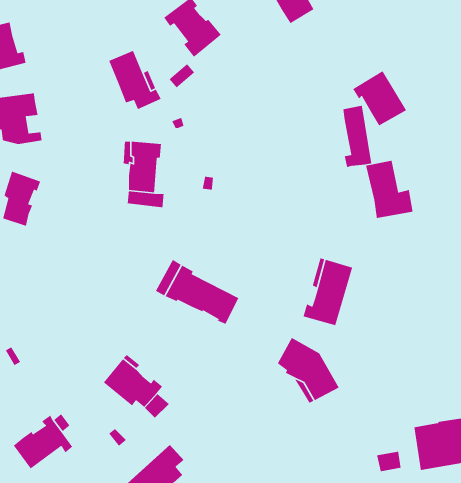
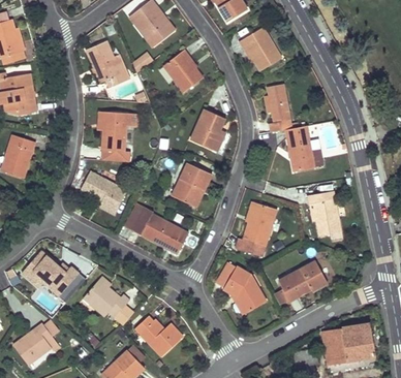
building: none -> [163,50,203,93]
building: [352,70,407,126] -> [239,28,281,71]
building: none -> [191,109,225,151]
building: none -> [172,163,212,206]
building: none -> [80,171,127,214]
building: none -> [308,191,341,241]
building: none -> [24,252,87,303]
building: none -> [278,261,328,302]
building: none -> [135,317,183,356]

